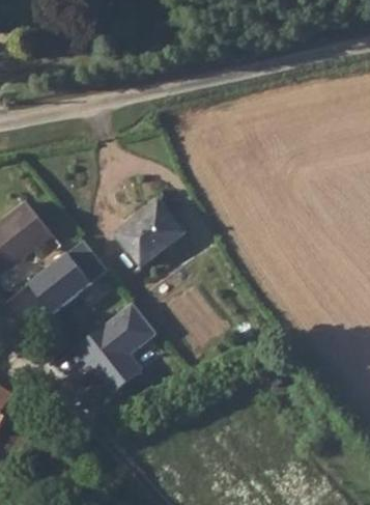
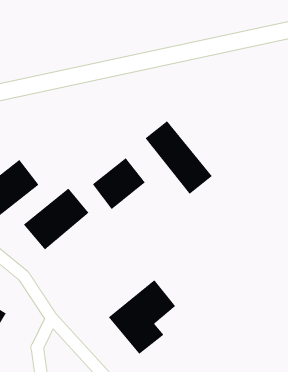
building: none -> [144,120,213,195]
building: [77,300,161,393] -> [108,279,176,355]

